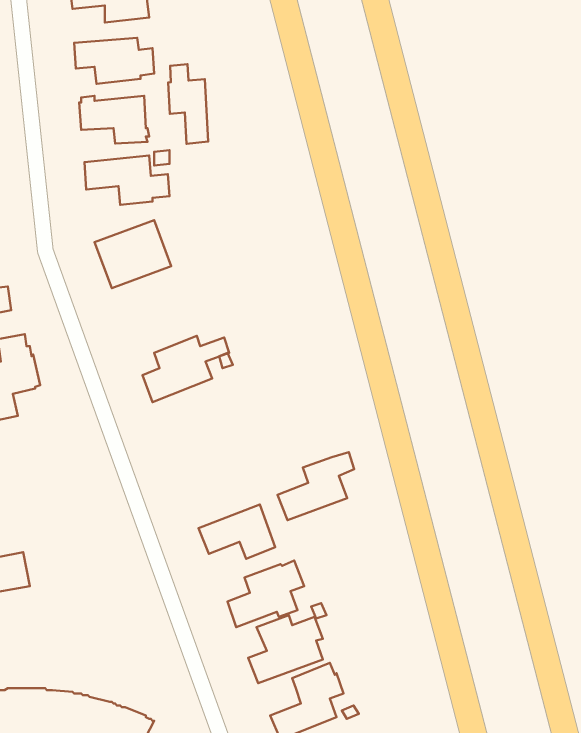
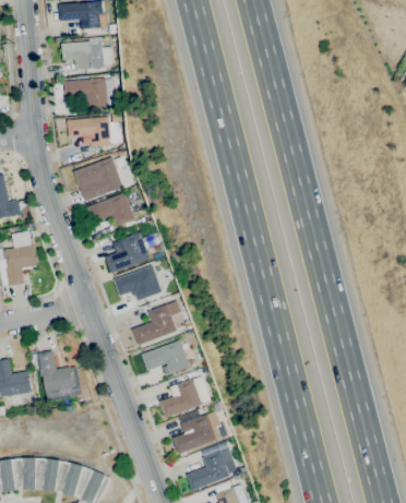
building: [168,64,208,144] -> none
building: none -> [87,192,135,226]
building: none -> [114,265,162,300]
building: [277,452,354,520] -> [132,301,181,345]
building: none -> [36,350,83,402]

